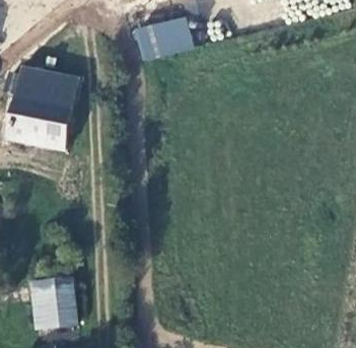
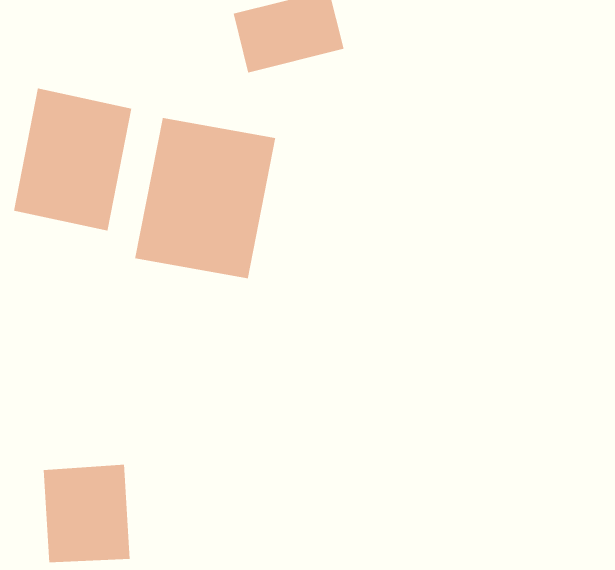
building: none -> [135,117,276,279]

